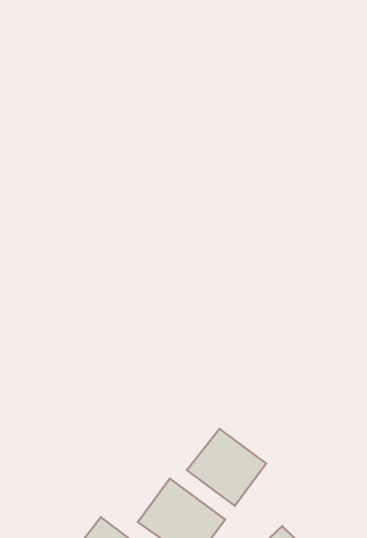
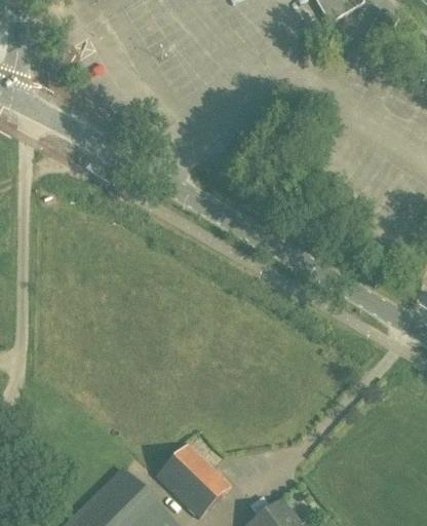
building: [187,429,266,506] -> none

